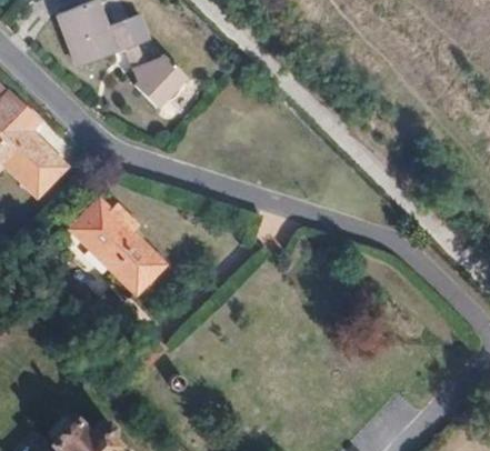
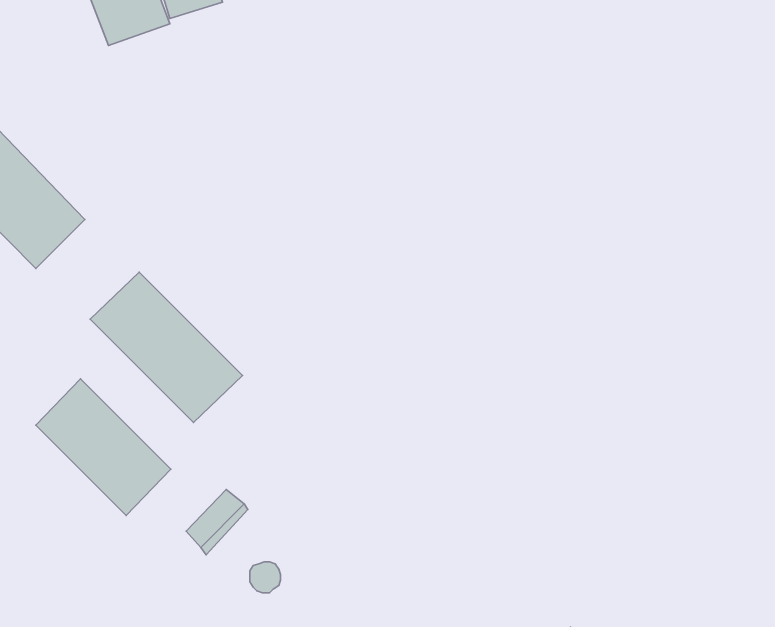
building: [133,48,188,101] -> none
building: none -> [36,379,171,516]

